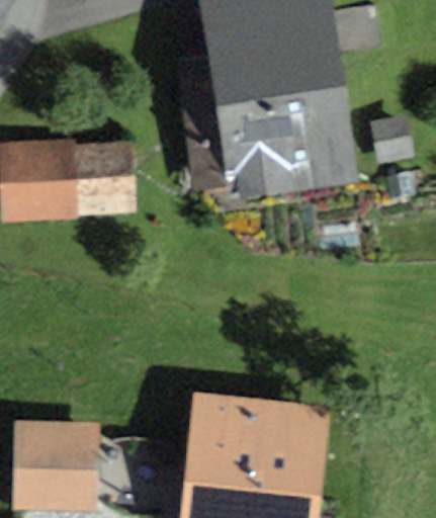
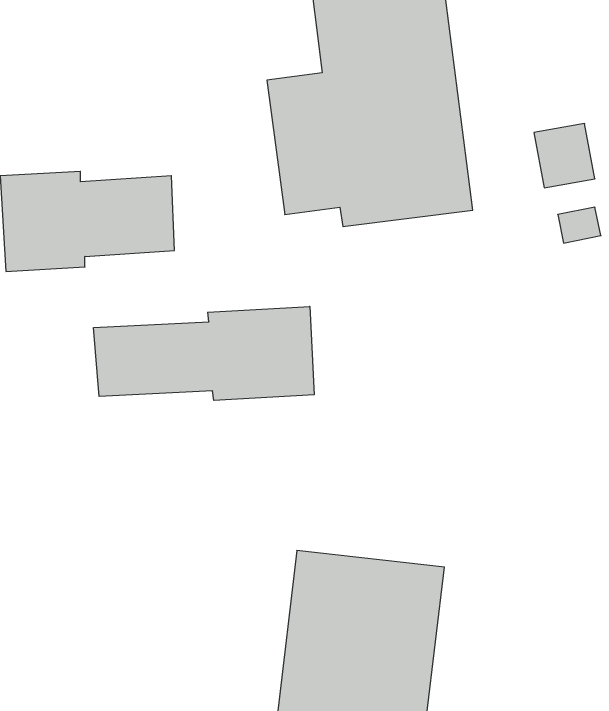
building: none -> [94,306,314,400]
building: [17,429,87,500] -> none

